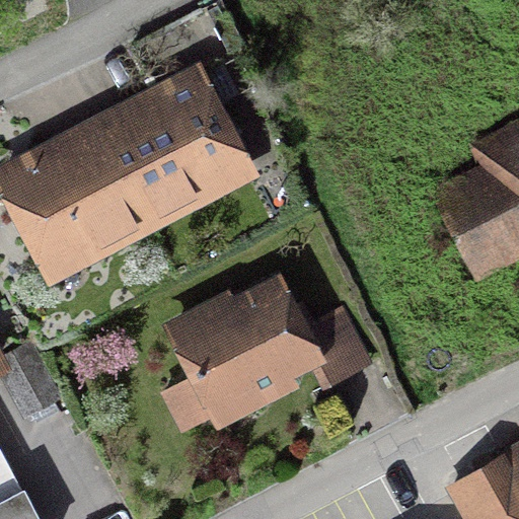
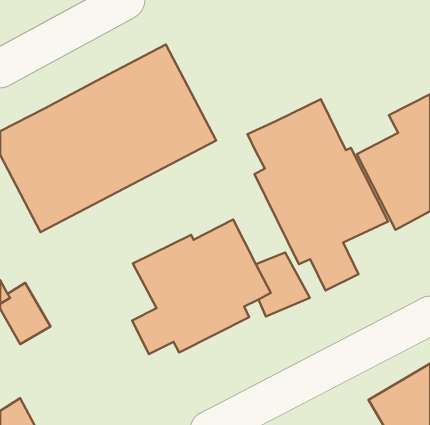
building: none -> [248,99,388,291]

